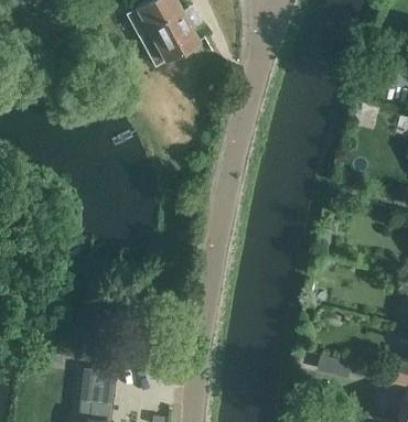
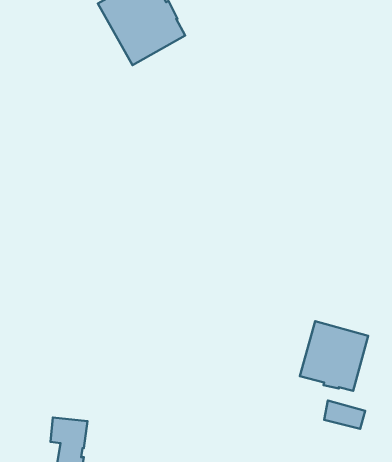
building: none -> [300,321,368,391]

